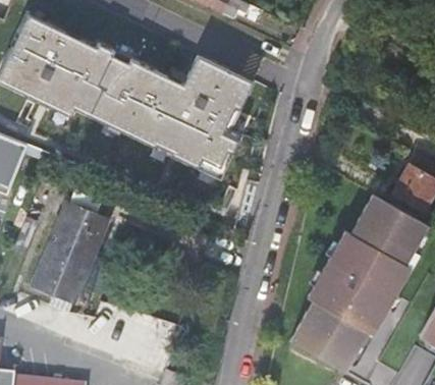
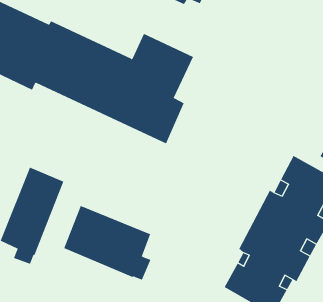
building: none -> [63,205,151,281]

